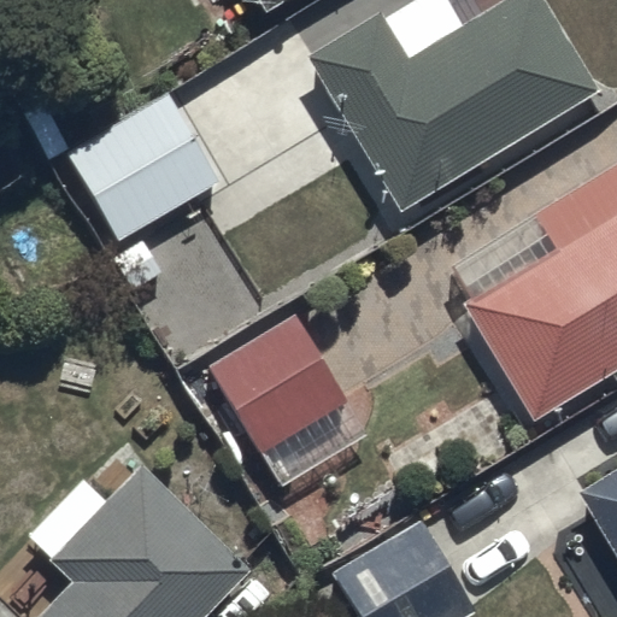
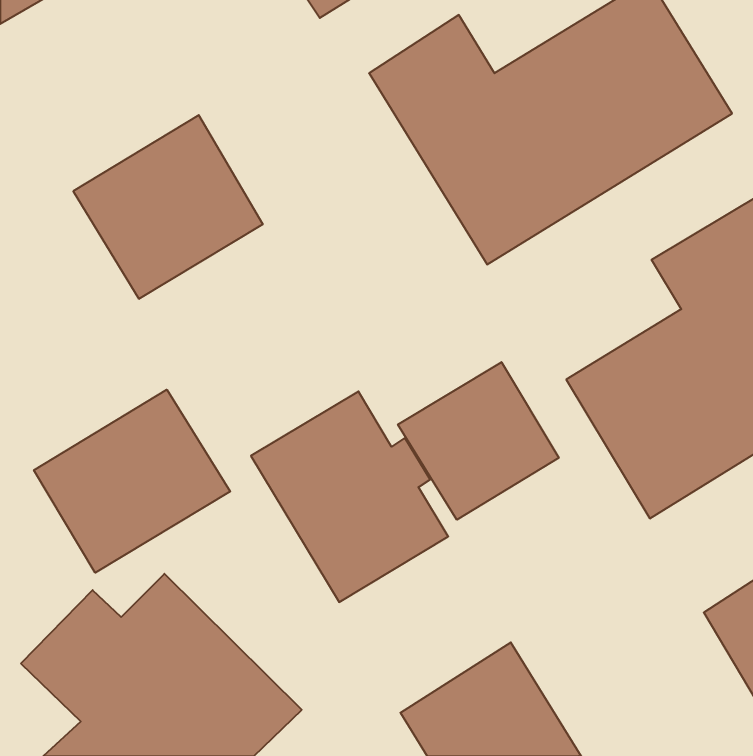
building: none -> [398,362,559,520]
building: none -> [34,390,230,573]

